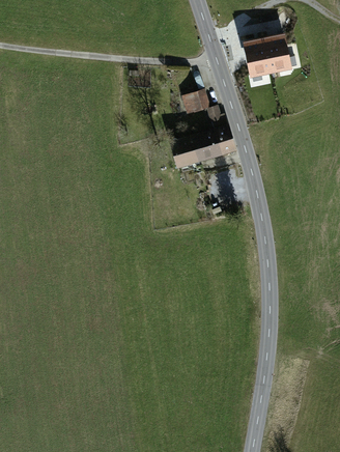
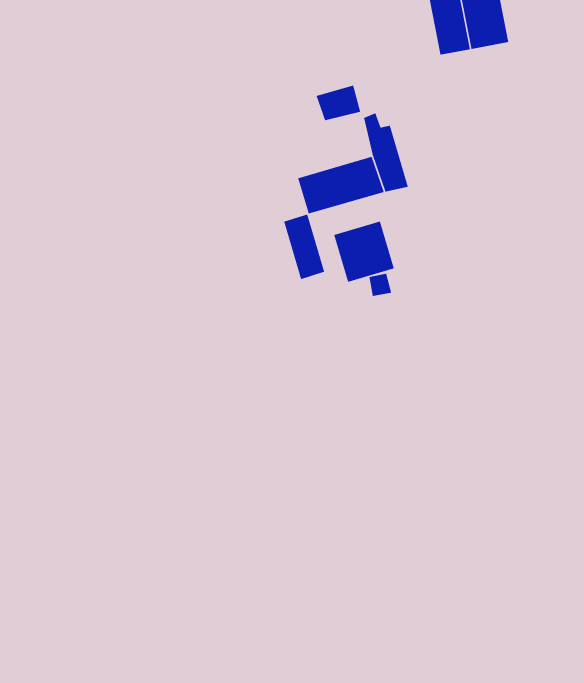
building: none -> [283,213,325,280]
building: none -> [333,221,395,283]

